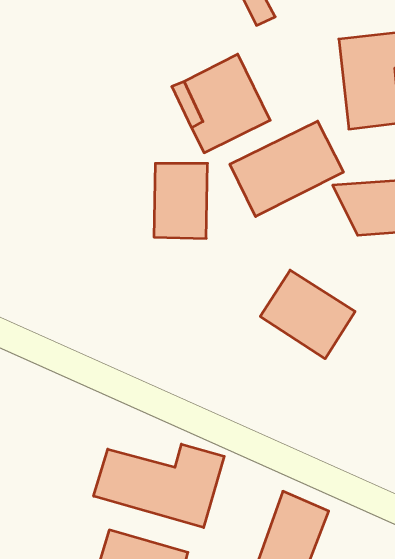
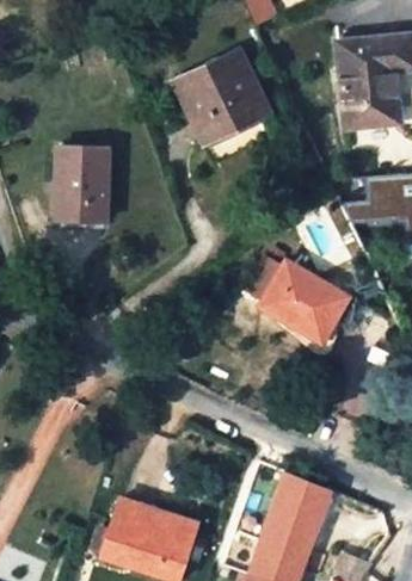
building: [230,121,343,217] -> none
building: [154,163,208,238] -> [56,150,107,222]
building: [94,444,224,528] -> none

